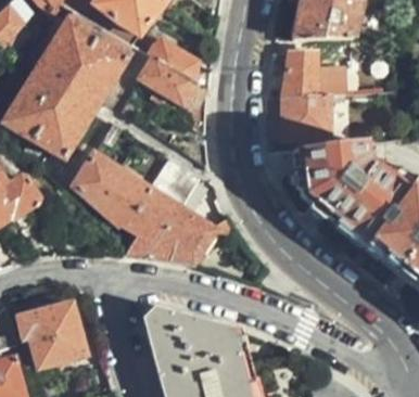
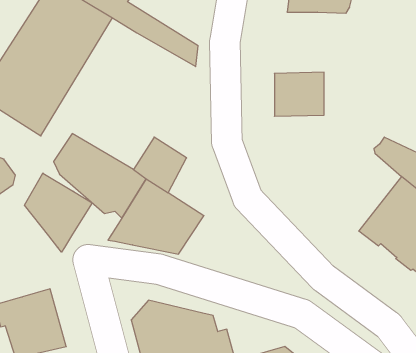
building: [264,51,342,97] -> none
building: [139,59,207,135] -> none
building: [294,141,401,244] -> none
building: none -> [25,173,92,252]

